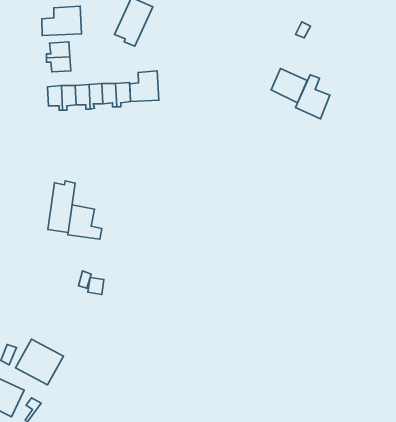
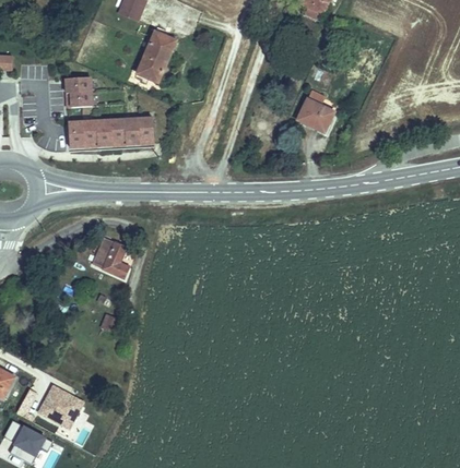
building: [42,6,81,35] -> none
building: [130,71,159,101] -> none
building: [295,75,330,119] -> none
building: [48,181,75,233] -> none

